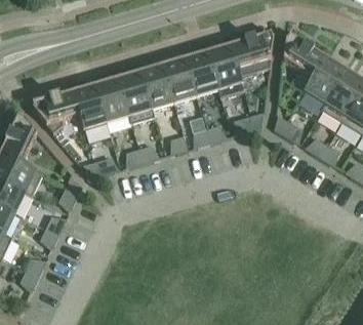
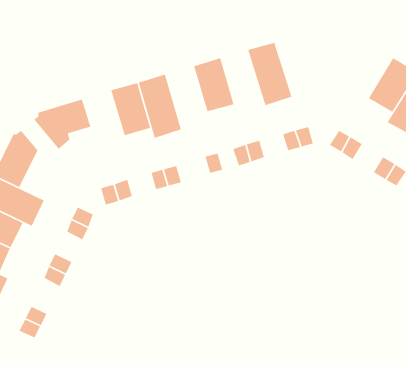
building: [230,33,274,89] -> none
building: [283,36,326,90] -> none
building: [186,50,221,96] -> none
building: [140,64,174,116] -> none
building: [73,83,107,128] -> none

